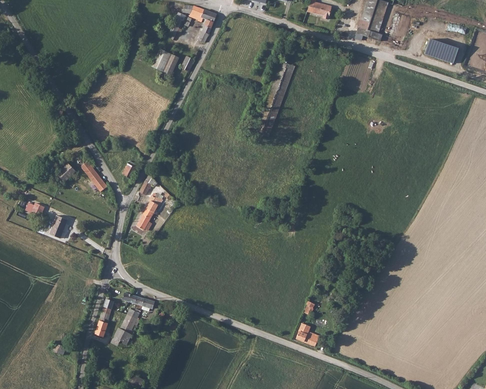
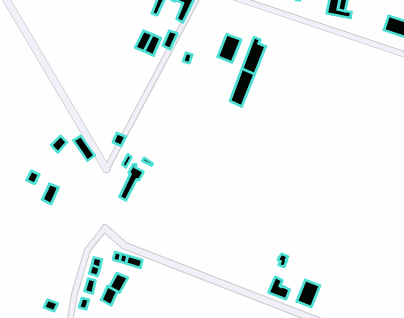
building: none -> [218,34,241,62]
building: none -> [297,280,320,307]

